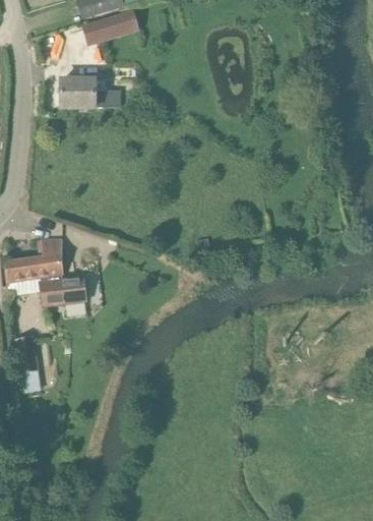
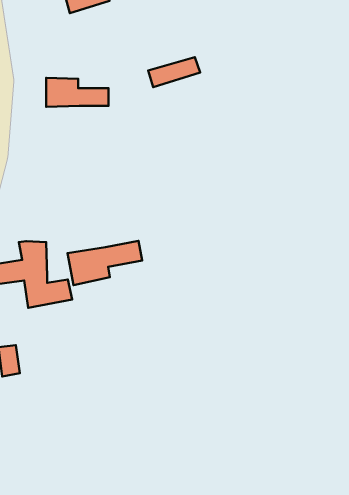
building: [83,13,134,43] -> [148,57,200,87]
building: none -> [68,241,142,285]

